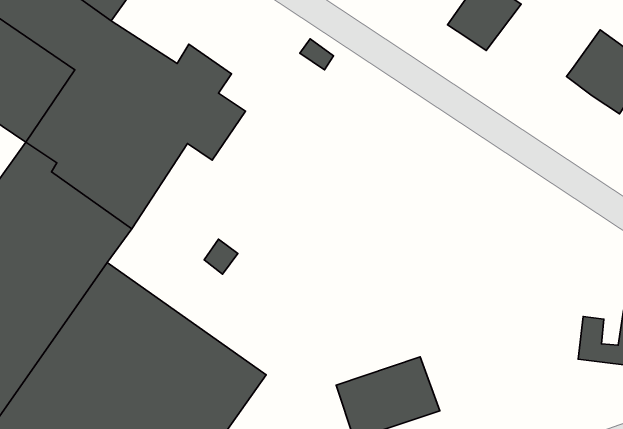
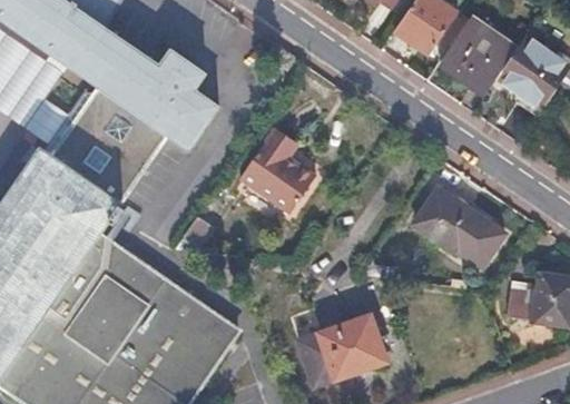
building: none -> [441,14,504,91]
building: none -> [238,134,315,214]
building: none -> [414,189,504,269]

